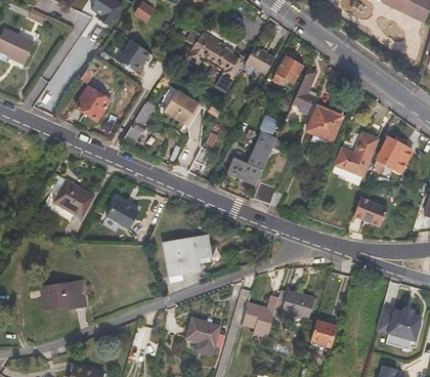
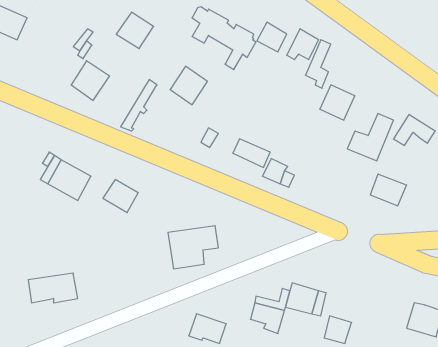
building: [246,112,275,169] -> none

